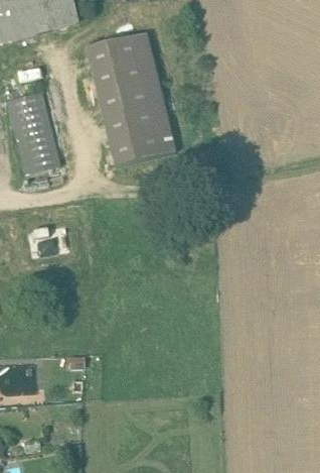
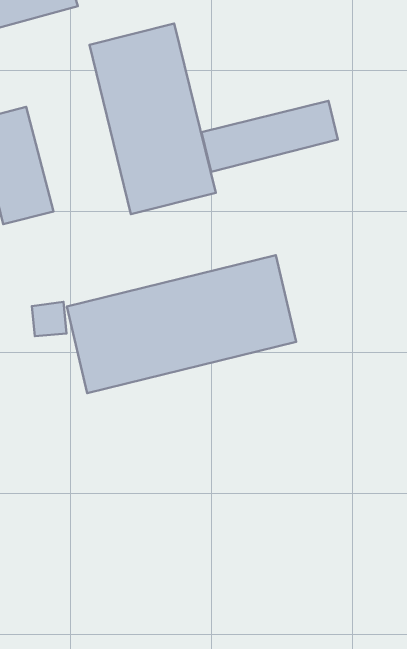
building: none -> [201,101,338,172]
building: none -> [67,255,296,393]

